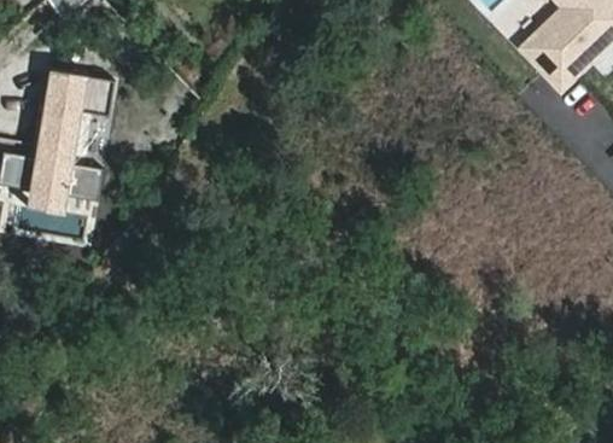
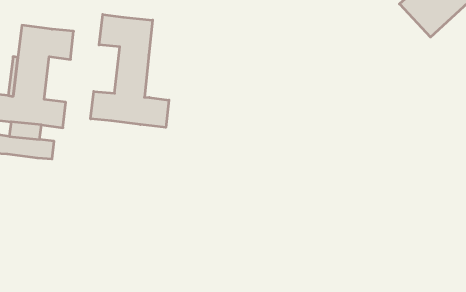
building: none -> [91,14,169,127]

